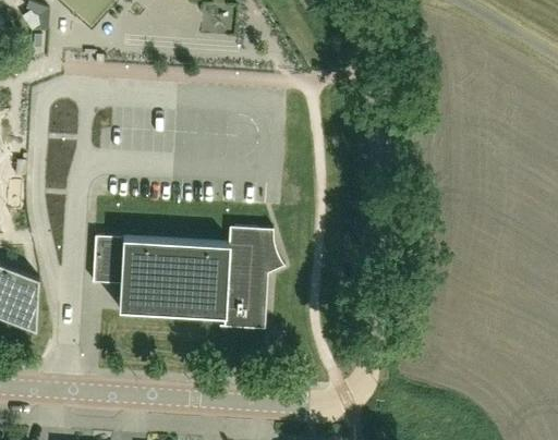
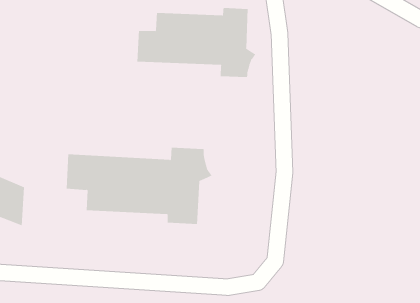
building: none -> [137,7,256,79]

